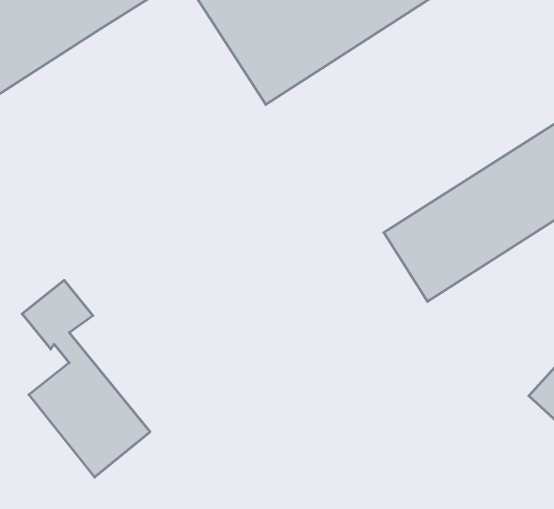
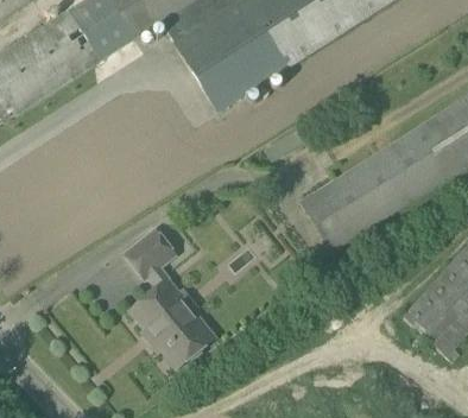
building: [22,280,150,477] -> [126,229,216,368]

